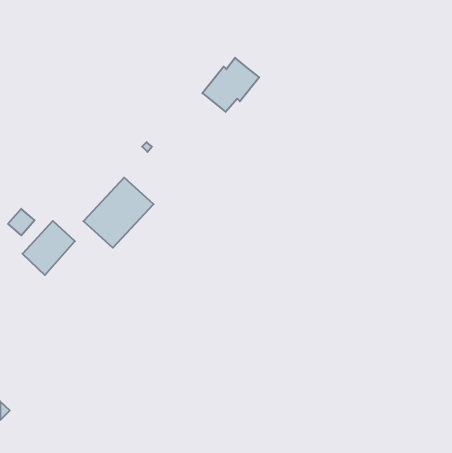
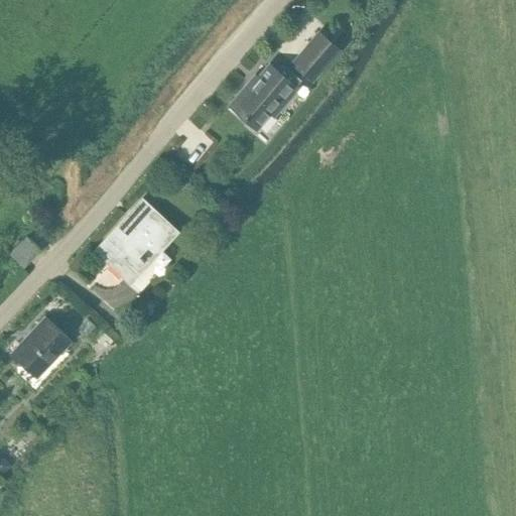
building: none -> [293,33,339,82]
building: [22,221,75,275] -> [12,317,72,379]

